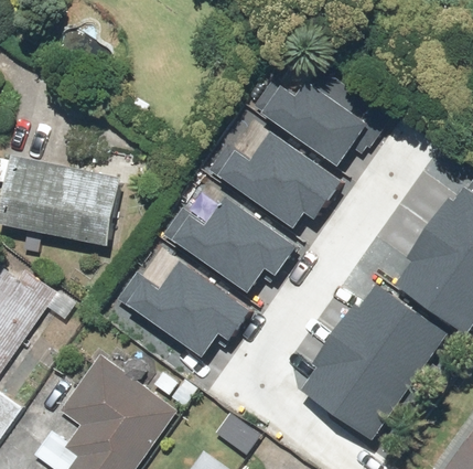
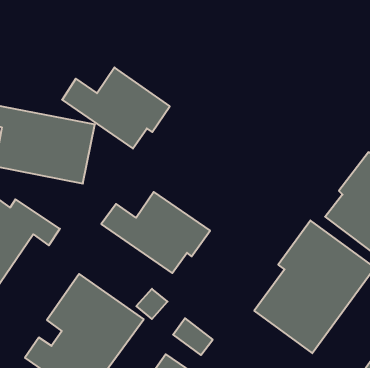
building: [257,61,386,157] -> none
building: [211,127,340,223] -> none
building: [172,190,301,287] -> [62,67,170,149]

